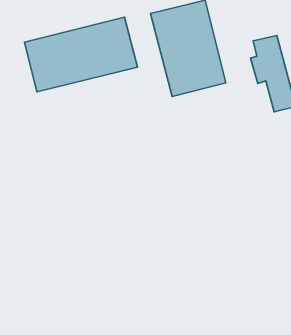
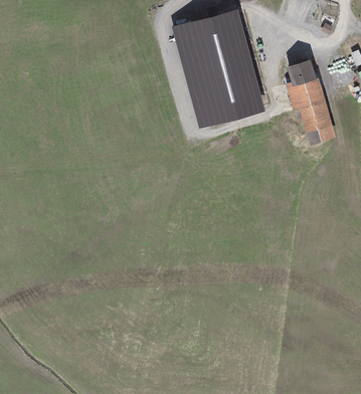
building: [25,17,137,92] -> none

